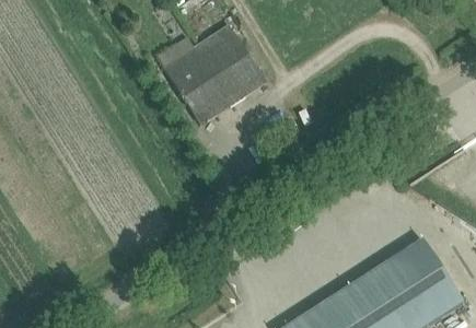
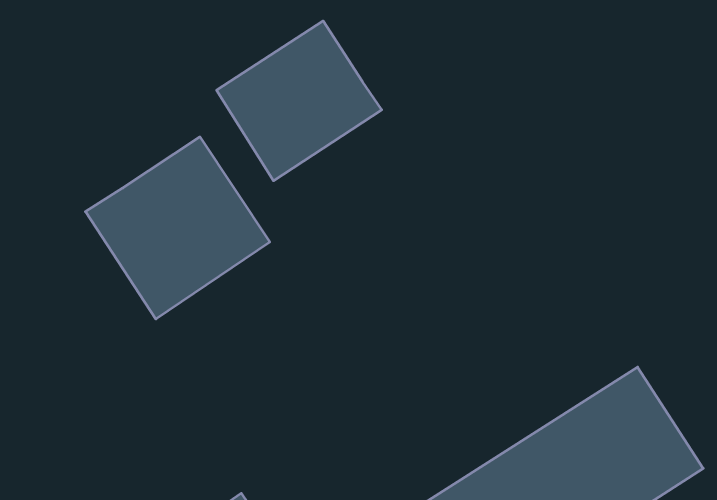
building: none -> [85,137,270,319]

